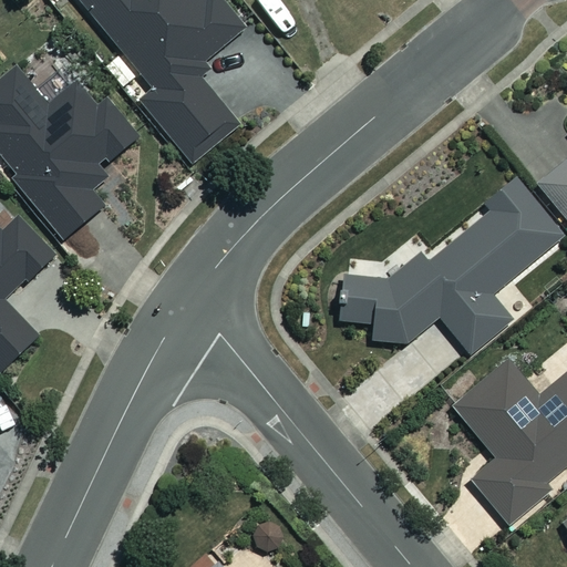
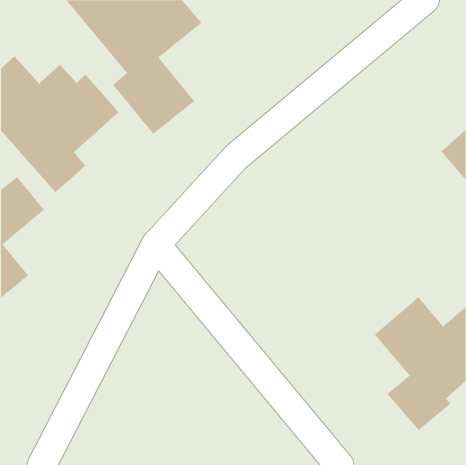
building: [337,181,558,353] -> none

